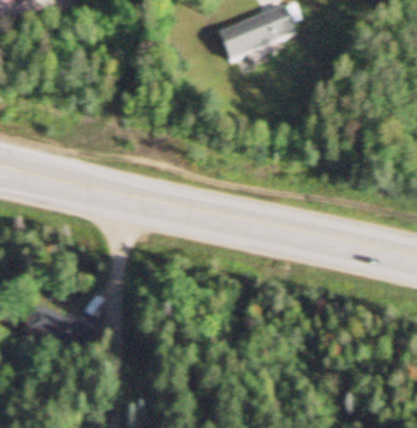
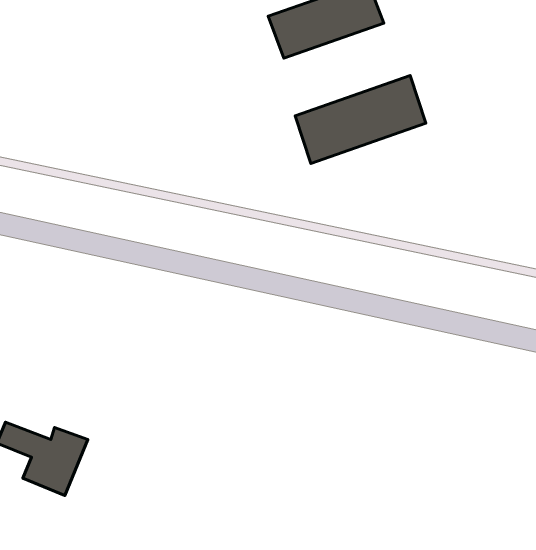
building: none -> [295,76,426,164]

